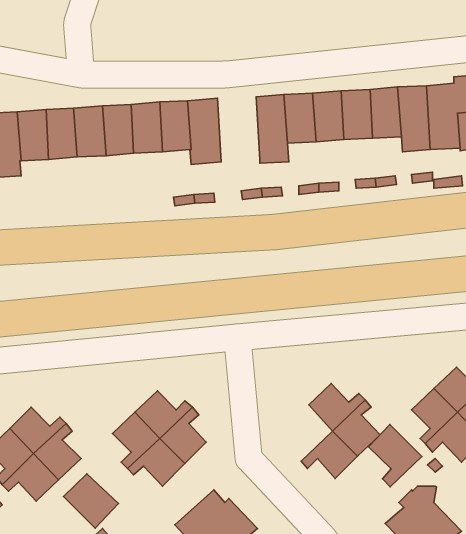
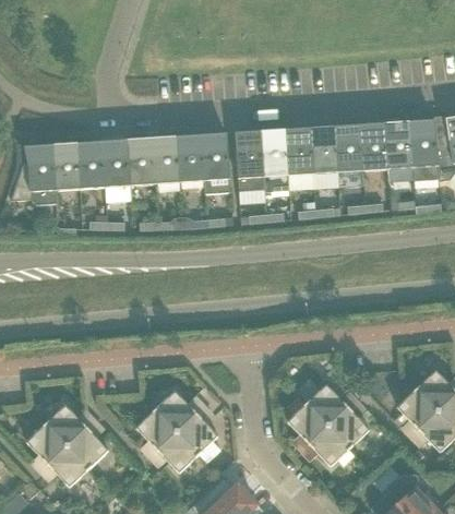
building: none -> [236,132,265,189]
building: none -> [288,401,328,450]
building: [369,425,422,487] -> none
building: [64,474,119,528] -> none

